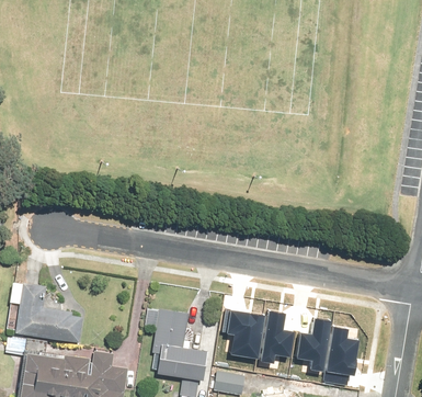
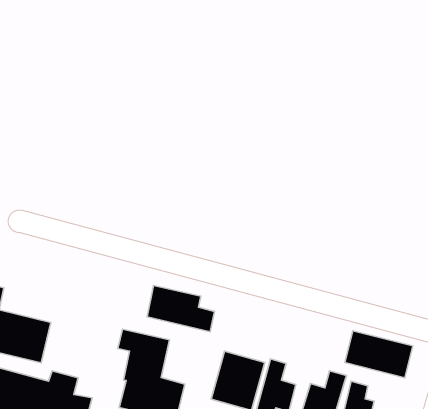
building: none -> [147,286,215,332]
building: none -> [345,331,413,378]

